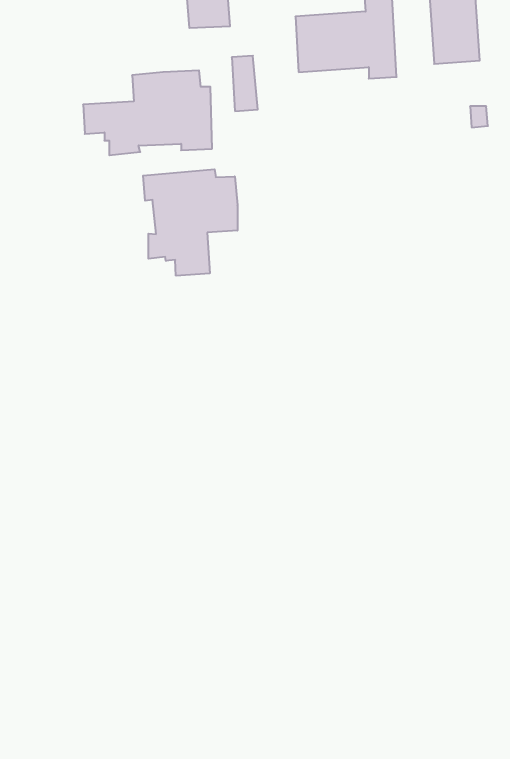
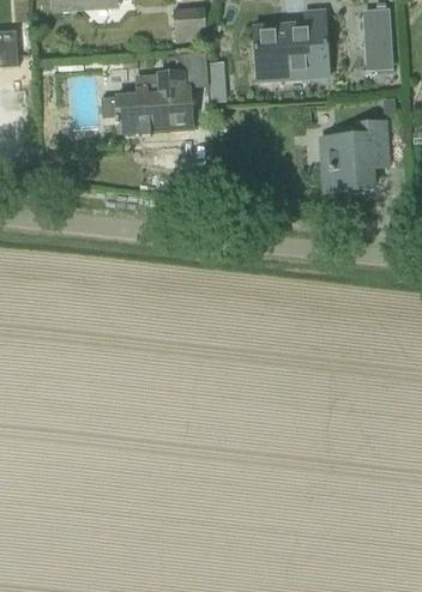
building: none -> [322,120,388,191]
building: [143,169,237,276] -> none

